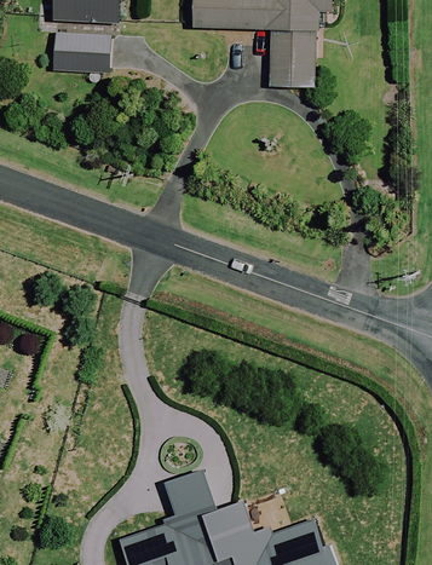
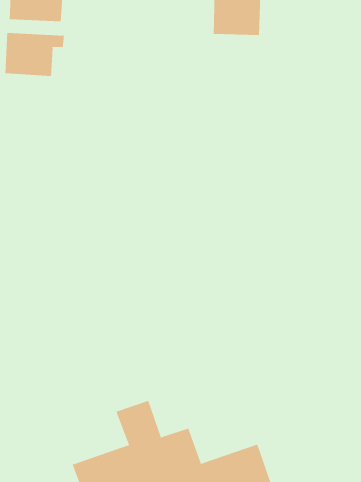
building: none -> [5,32,64,77]

